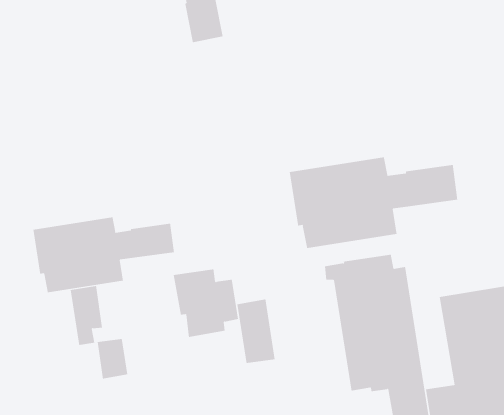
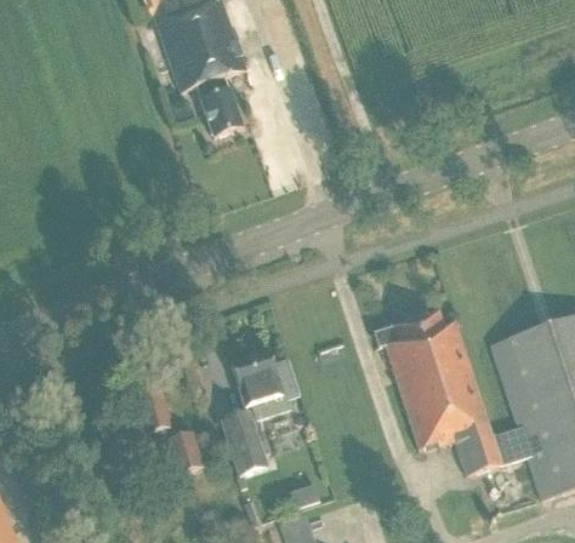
building: [289,156,458,249] -> none
building: [33,216,174,293] -> none
building: [236,299,276,363] -> [221,410,267,475]

